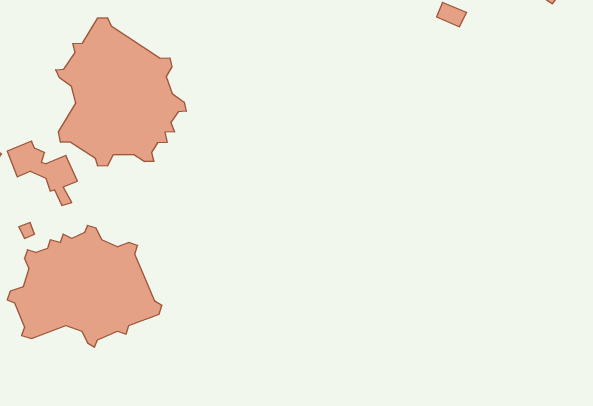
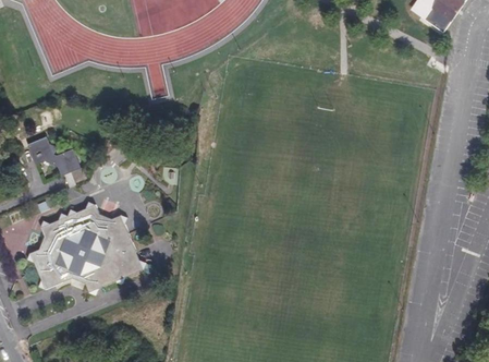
building: [56,18,186,166] -> none

